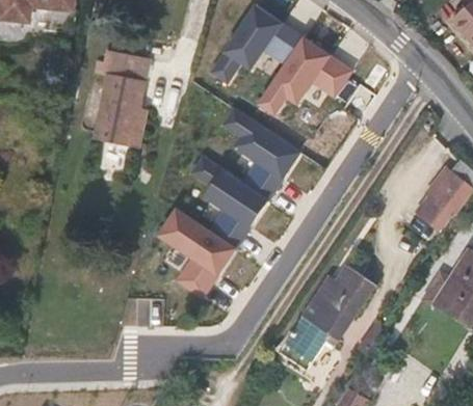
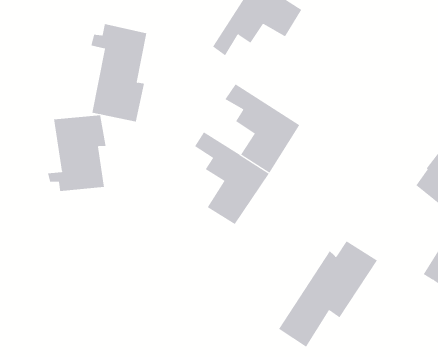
building: [260,36,350,112] -> none
building: none -> [47,115,106,192]
building: [159,211,236,296] -> none

